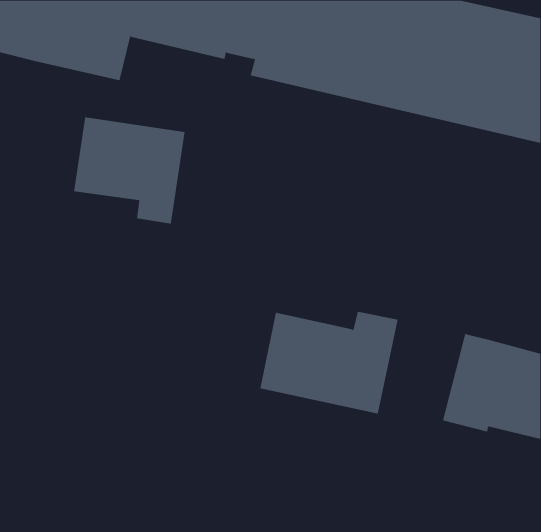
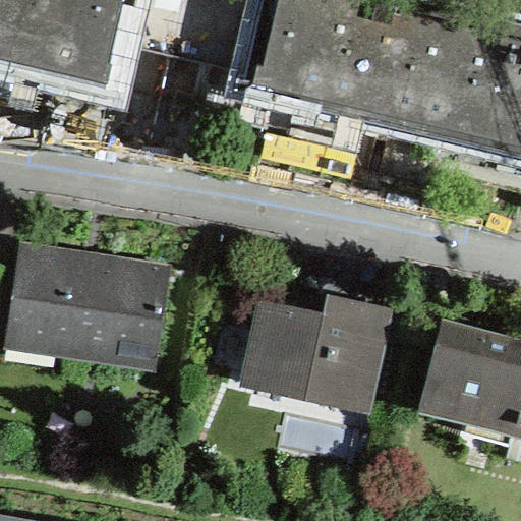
building: [73,117,185,224] -> none
building: none -> [5,253,168,372]

